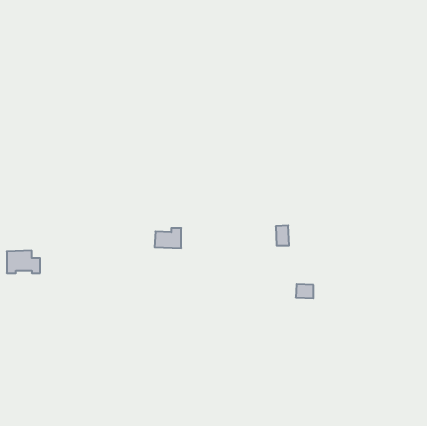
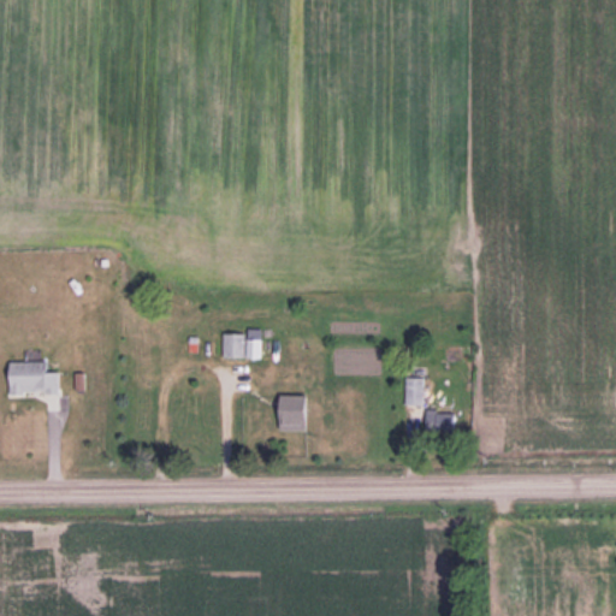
building: [276,225,289,246] -> [404,378,424,407]
building: none -> [280,397,306,431]

